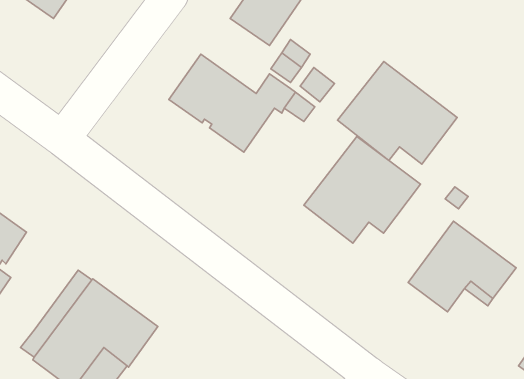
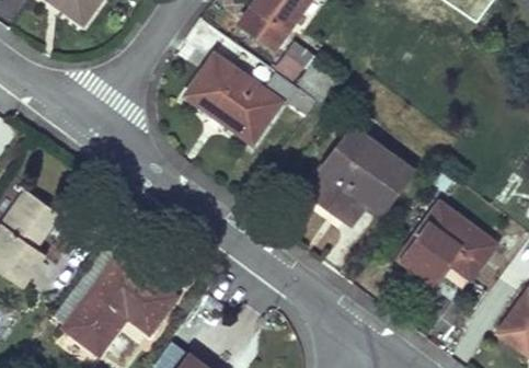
building: [338,61,457,164] -> none

